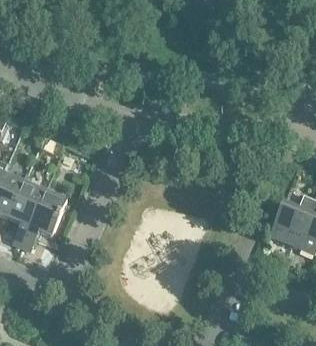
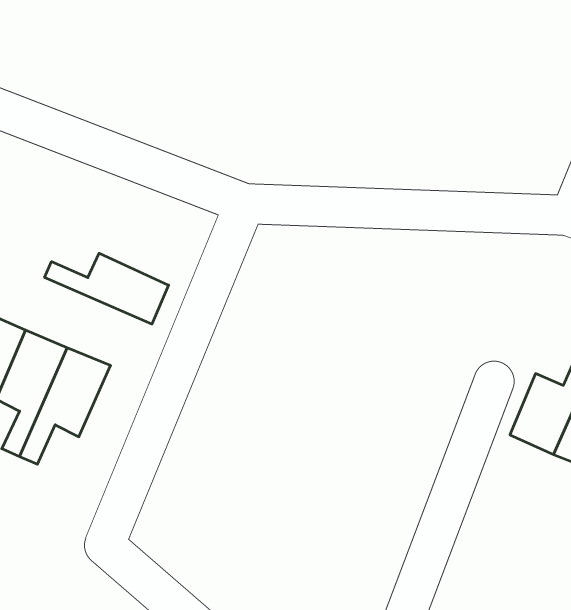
building: none -> [45,253,169,324]

